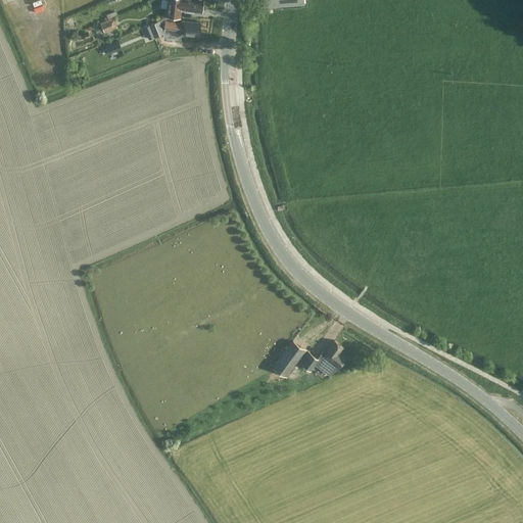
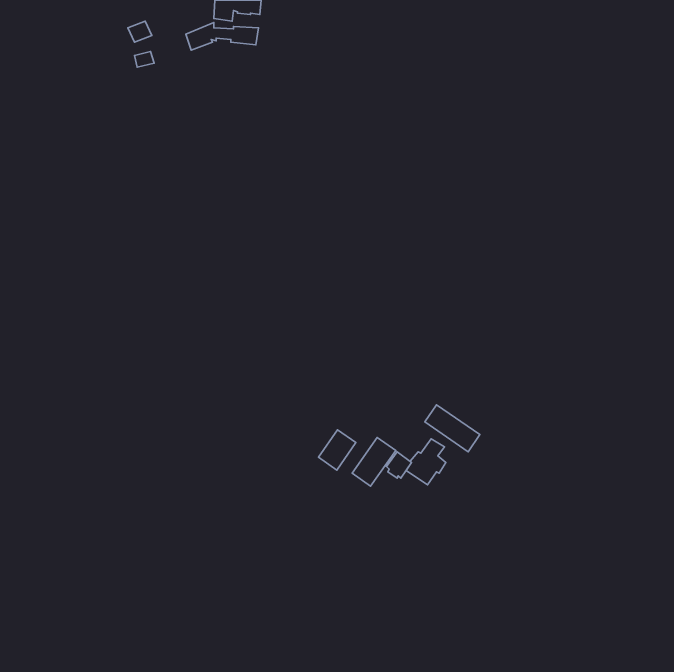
building: none -> [425,405,480,452]
building: none -> [318,430,356,470]

